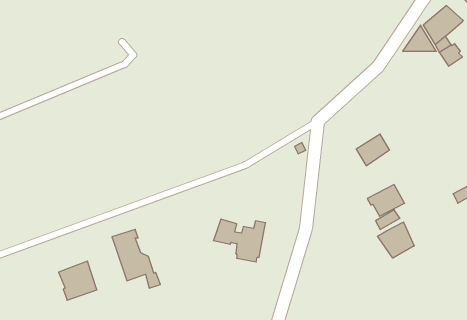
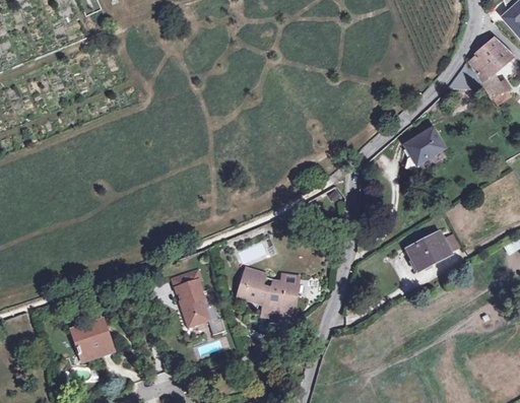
building: [356,134,390,166] -> [406,128,443,162]
building: [377,222,414,258] -> none
building: [112,229,160,288] -> [172,270,224,334]

